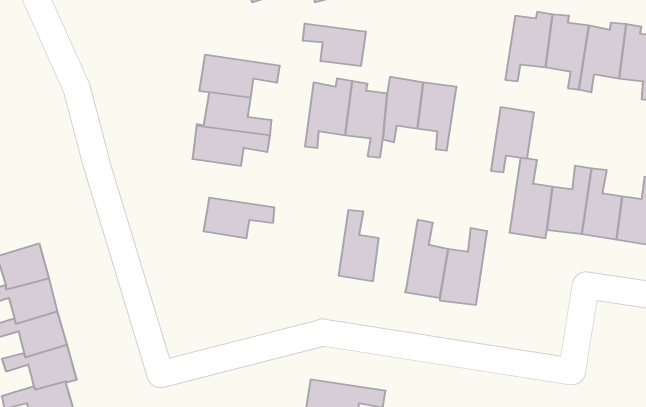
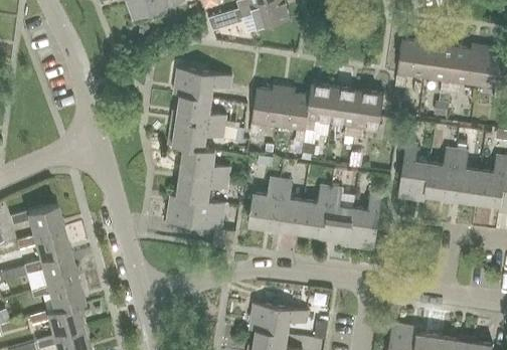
building: [303,23,366,66] -> none
building: [491,107,534,172] -> [353,91,384,138]
building: none -> [169,143,230,178]
building: none -> [248,178,282,227]
building: none -> [300,185,332,235]
building: none -> [167,195,225,229]

